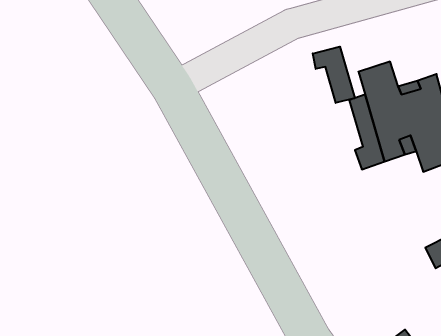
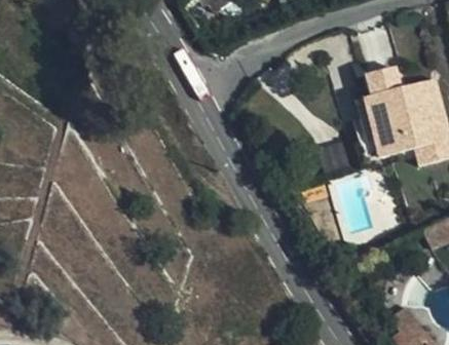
building: [313,47,355,103] -> none

